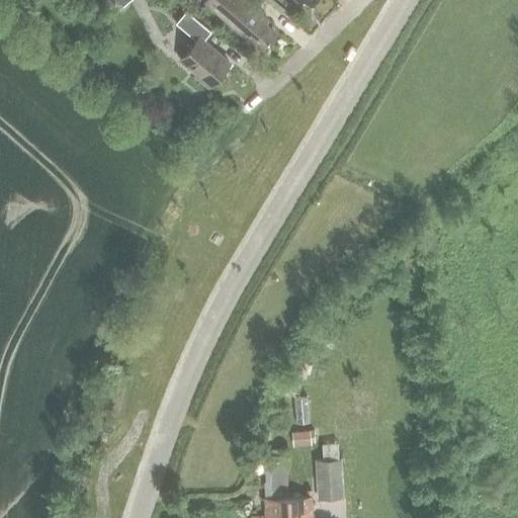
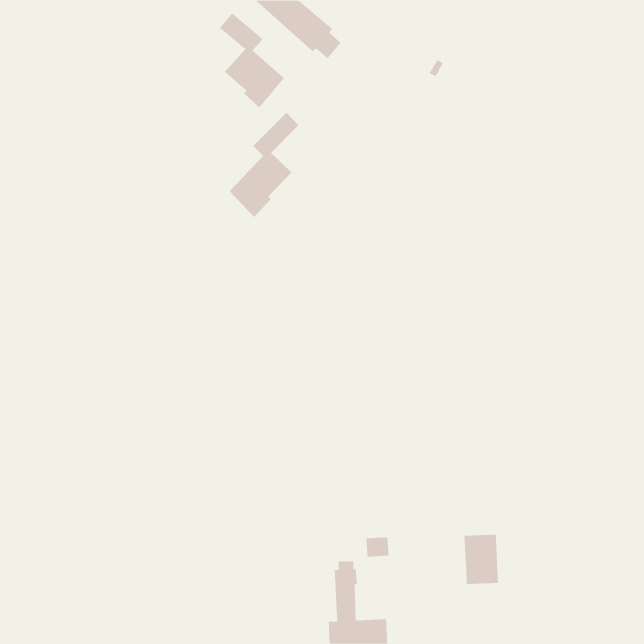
building: none -> [229,112,299,218]
building: [317,459,345,500] -> [464,534,499,585]

